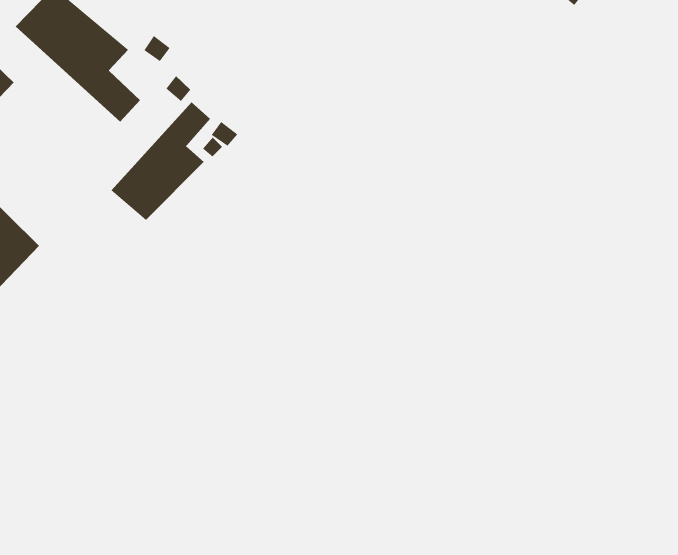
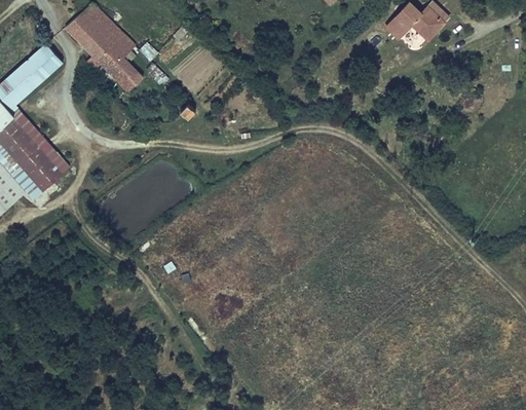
building: [110,102,211,221] -> none

